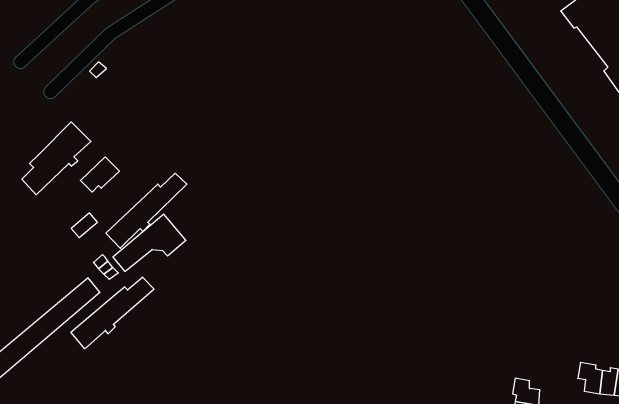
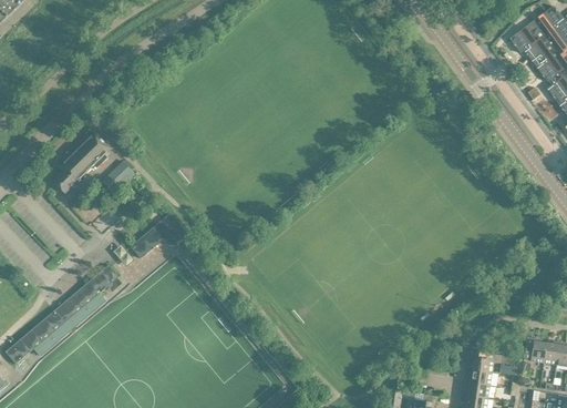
building: [106,173,187,248] -> none
building: [71,277,154,349] -> none

